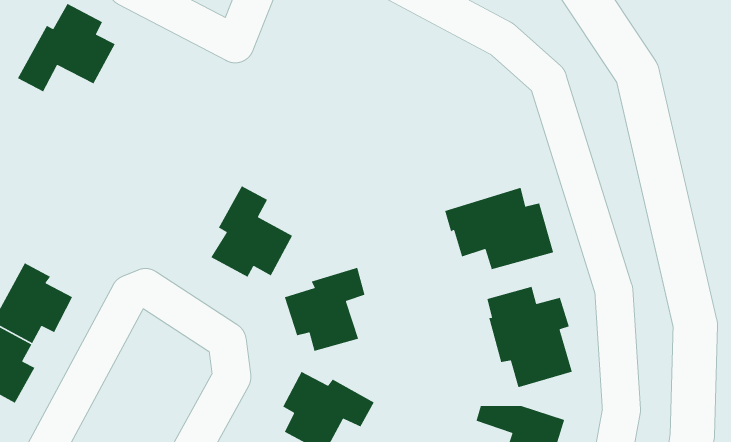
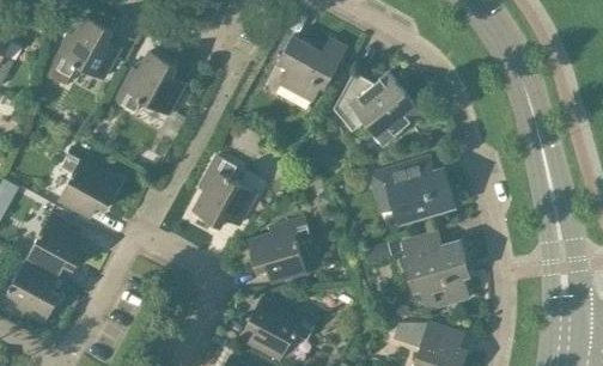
building: none -> [276,37,346,103]
building: none -> [114,53,184,116]
building: none -> [334,73,421,146]
building: none -> [57,148,120,219]

